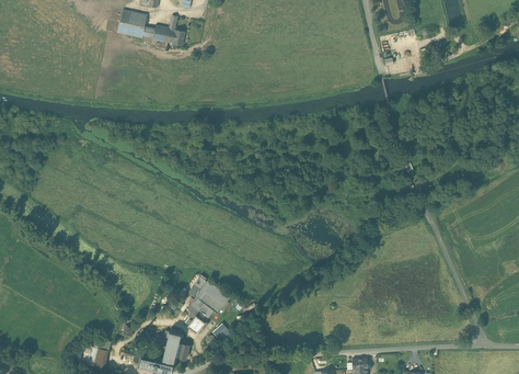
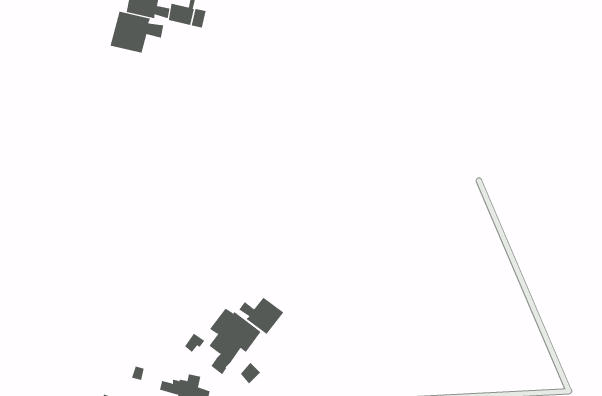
building: none -> [110,11,164,53]
building: none -> [238,297,284,335]

